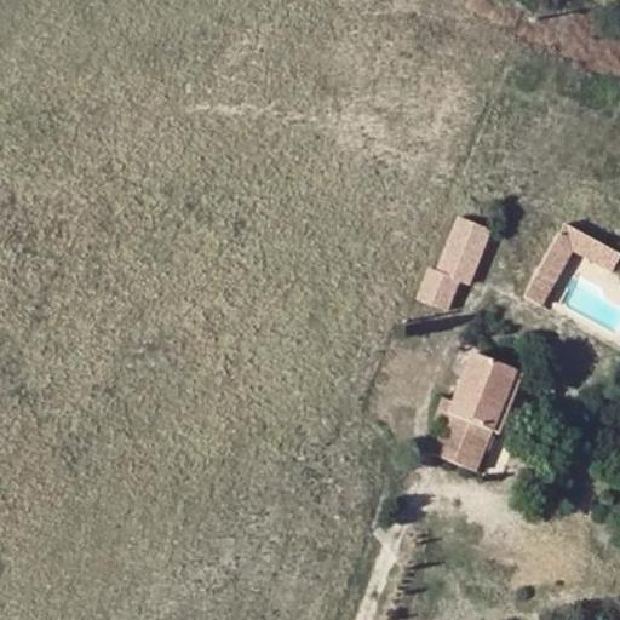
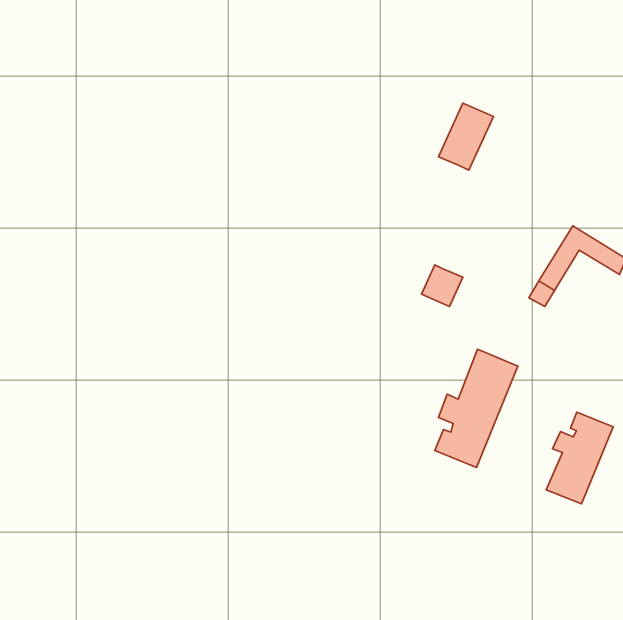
building: [440,217,494,283] -> [438,103,493,170]
building: none -> [546,412,613,504]

